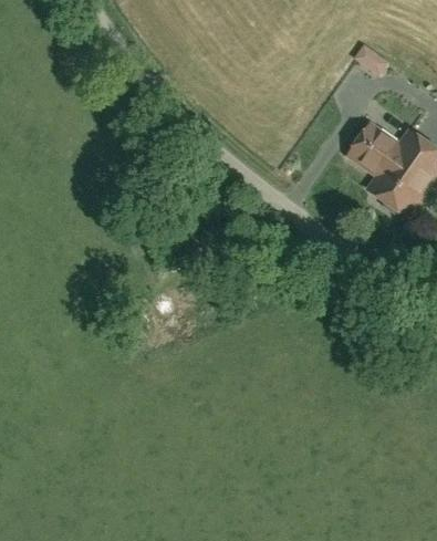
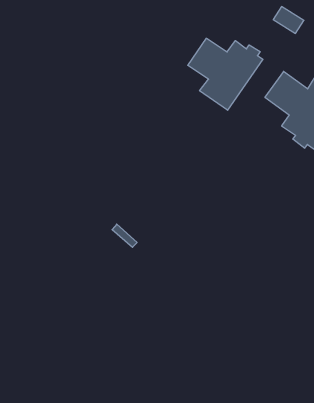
building: none -> [188,38,263,110]

